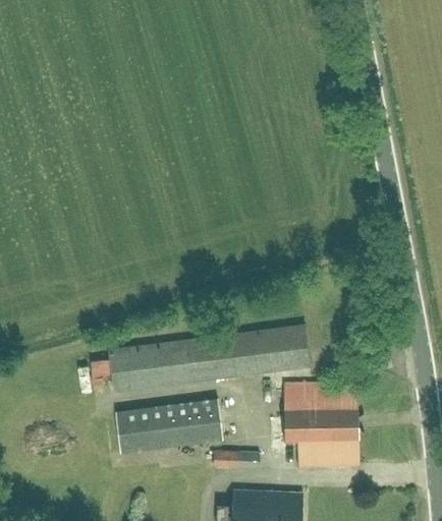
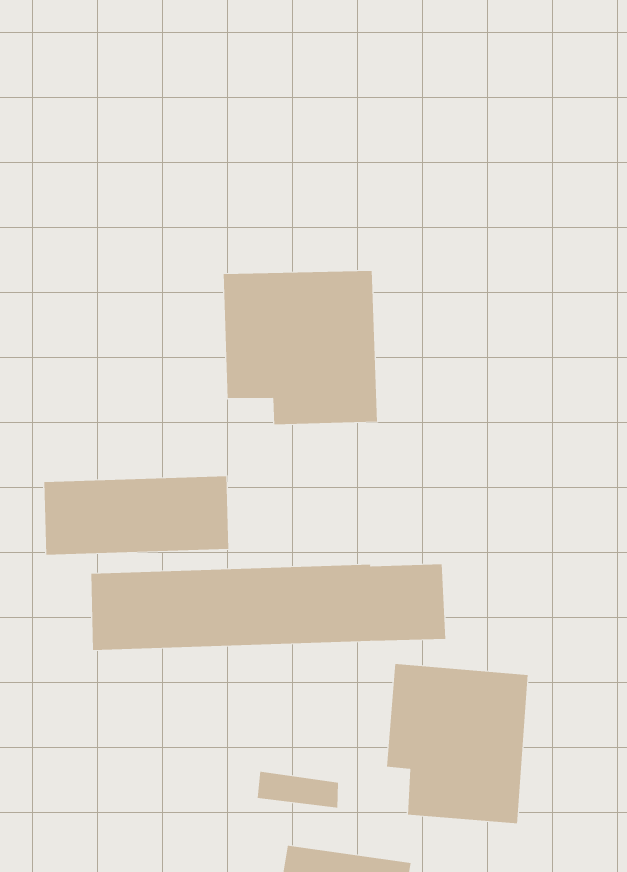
building: none -> [223,270,377,425]
building: [116,398,223,452] -> [44,476,229,555]

